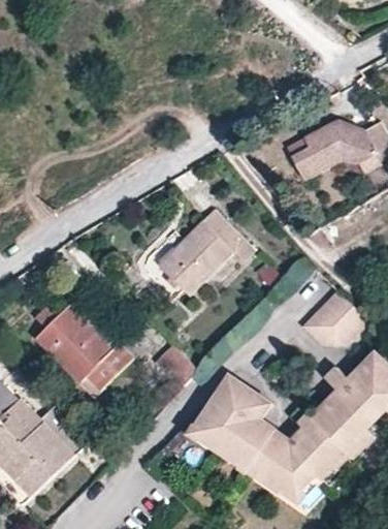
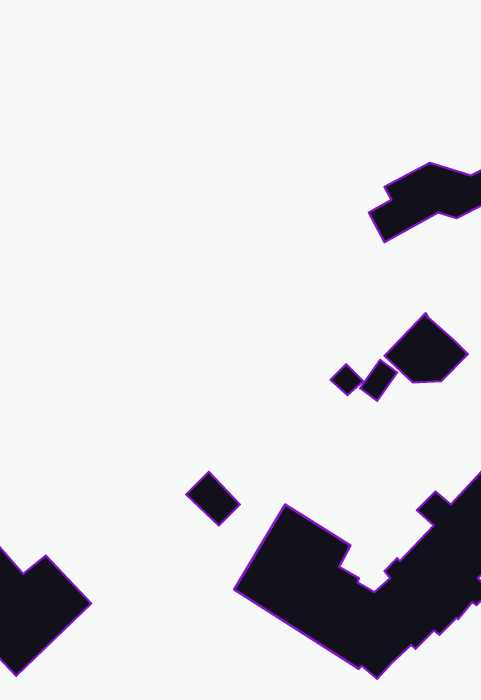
building: [156,211,252,298] -> none
building: [299,289,360,340] -> [384,313,468,383]
building: [35,303,130,392] -> none

